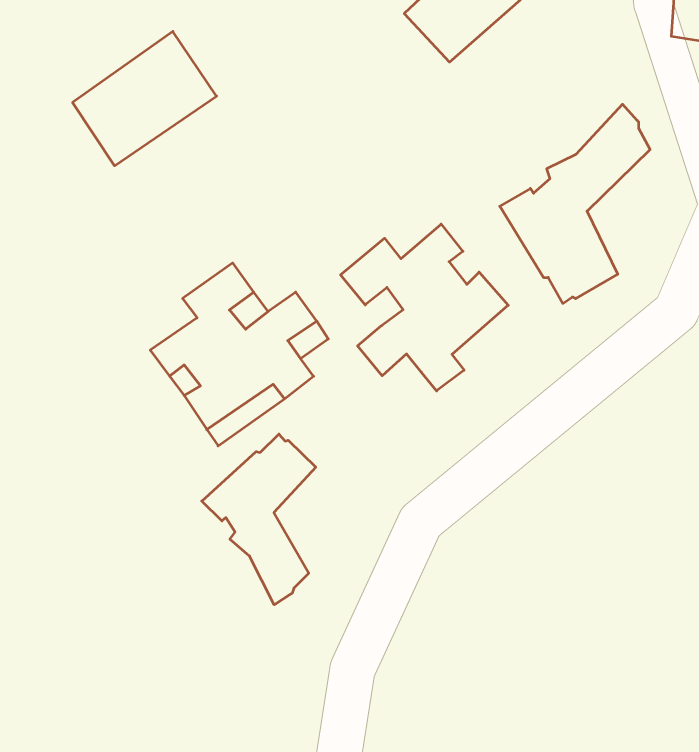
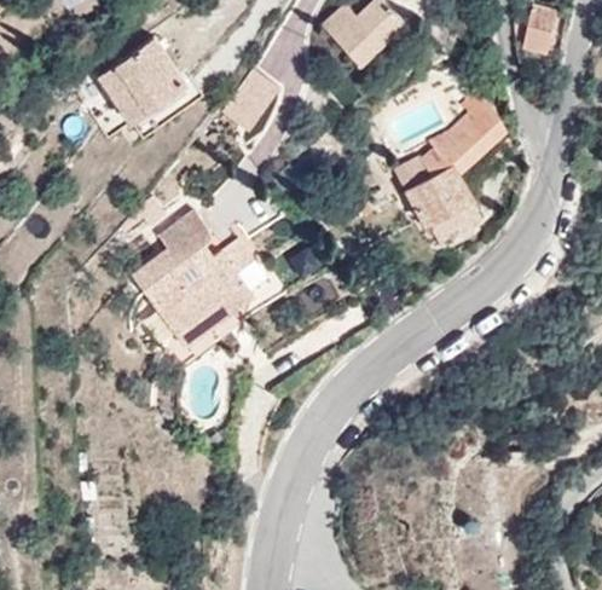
building: [341,224,508,391] -> none
building: [202,434,316,605] -> none

